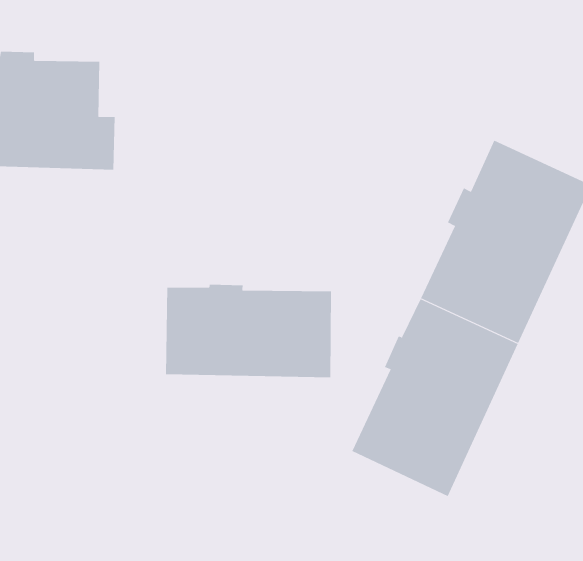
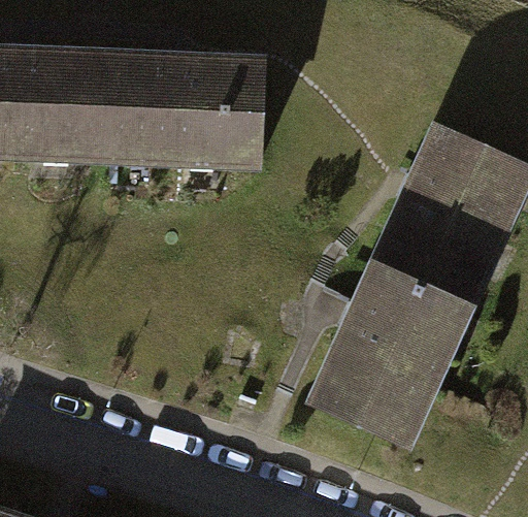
building: none -> [92,54,261,157]
building: [166,284,332,378] -> none

